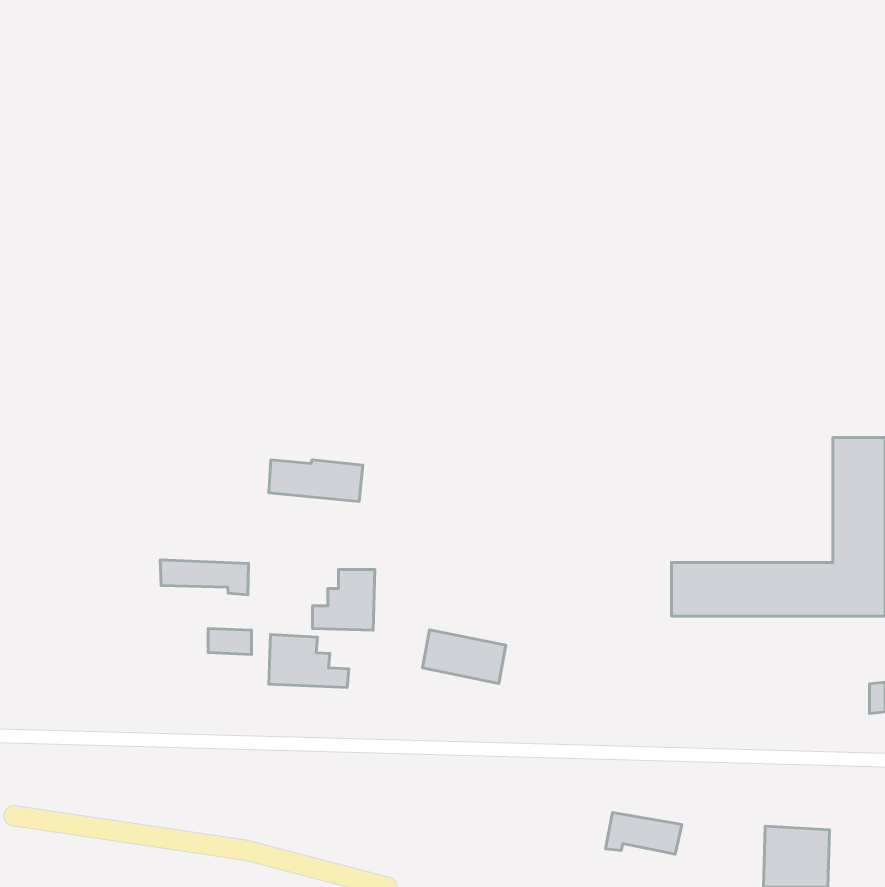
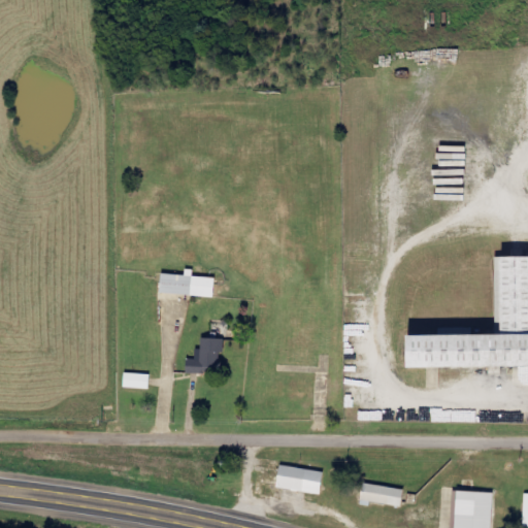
building: [160,560,248,595] -> none
building: [422,630,506,684] -> [275,464,325,496]
building: [269,634,349,687] -> none

